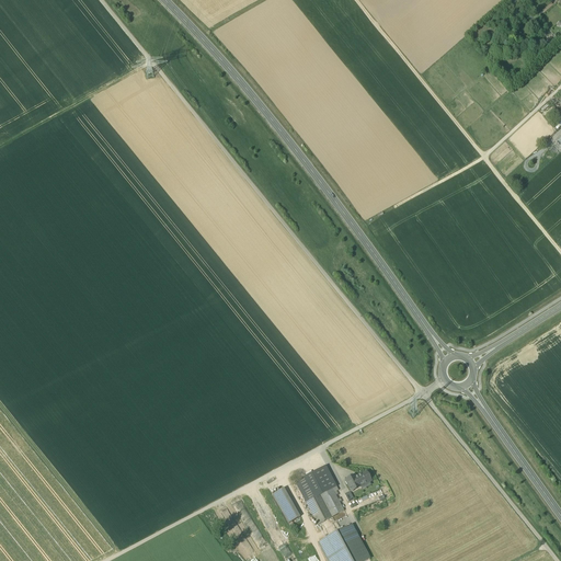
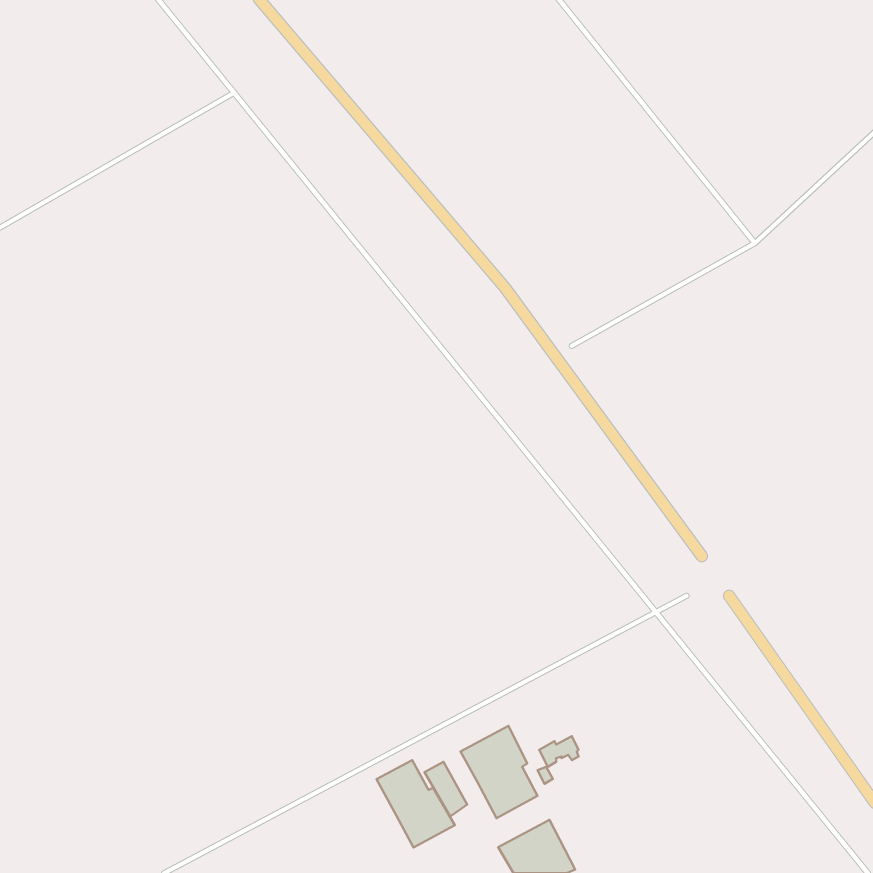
building: none -> [377,760,455,848]

